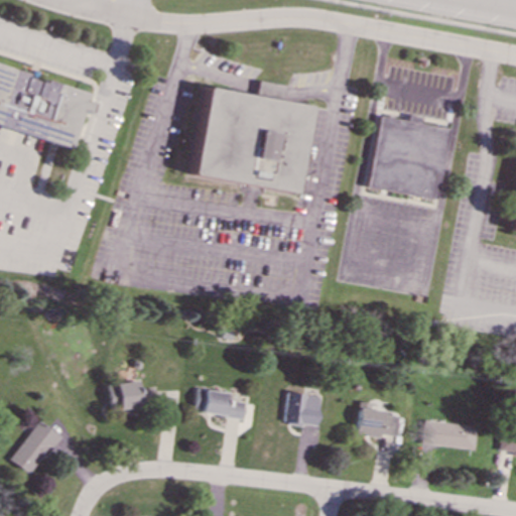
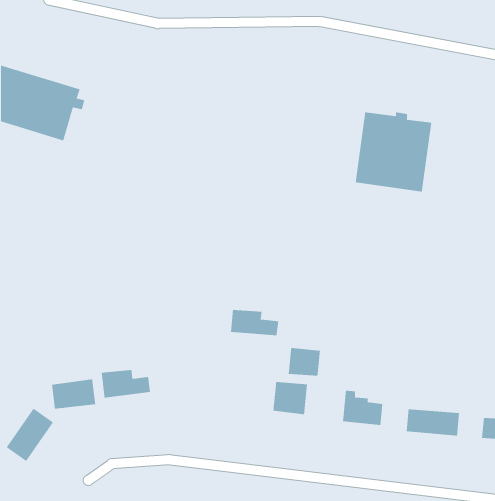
building: [194,87,311,191] -> none
building: none -> [288,347,320,377]
building: none -> [51,378,96,409]
building: [197,389,247,416] -> [230,309,279,336]

